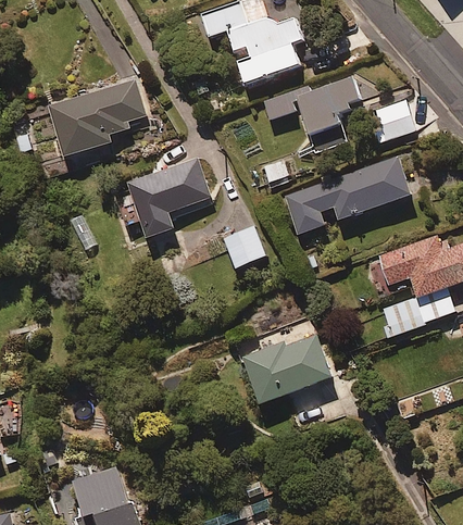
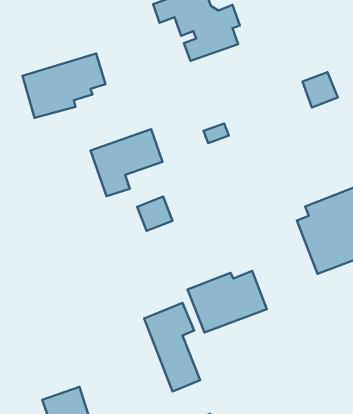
building: [263,75,364,132] -> none
building: [285,155,412,233] -> none
building: [224,225,265,265] -> [137,196,172,231]
building: none -> [144,303,200,391]

